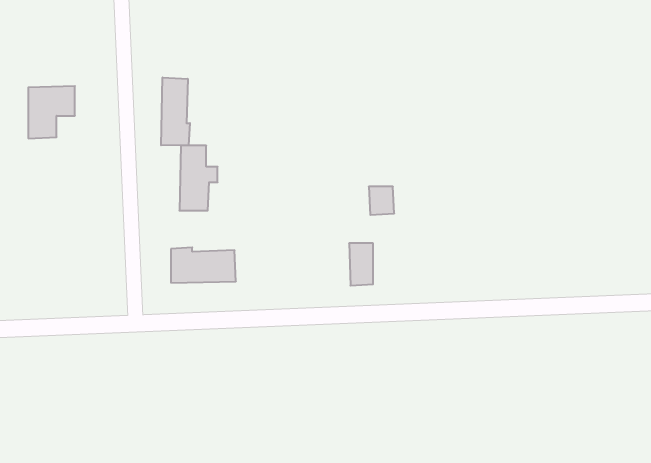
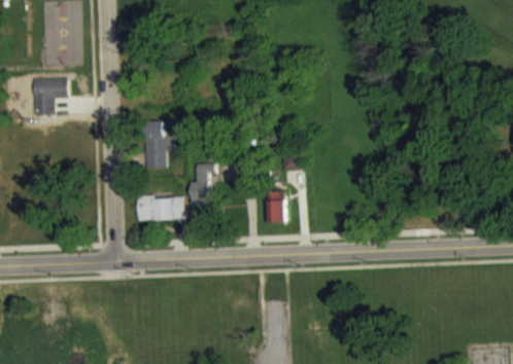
building: [161,77,190,145] -> none
building: none -> [191,162,212,206]

